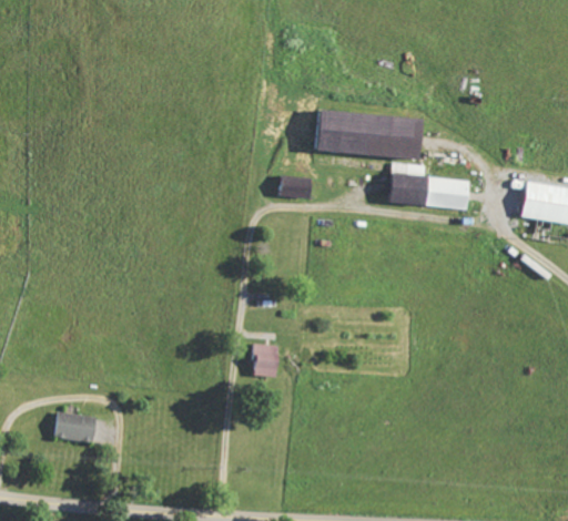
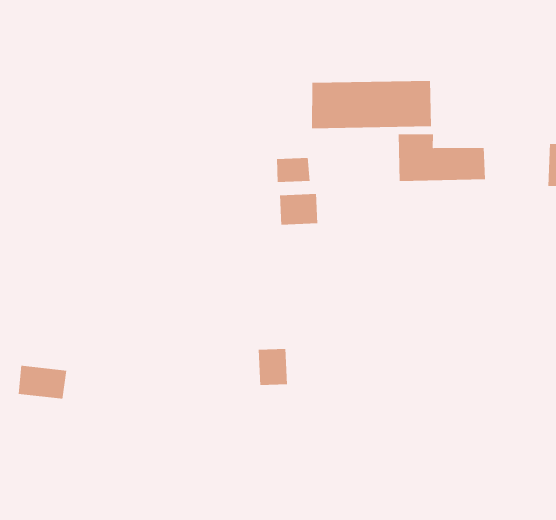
building: none -> [279,193,318,226]
building: [52,410,98,443] -> [18,365,67,399]

